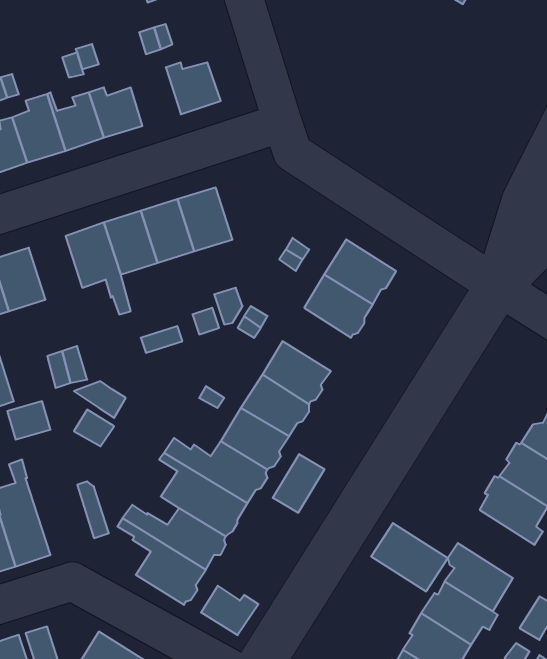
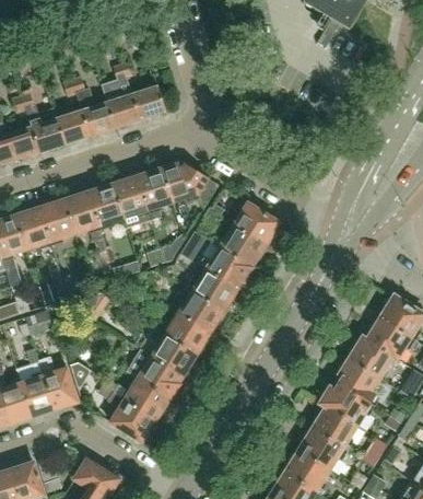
building: none -> [107,90,140,128]
building: none -> [163,162,219,206]
building: none -> [40,200,75,242]
building: none -> [207,247,251,289]
building: [273,454,324,513] -> none
building: none -> [38,355,78,409]
building: [371,523,448,591] -> [321,380,372,425]
building: [201,586,258,635] -> none

